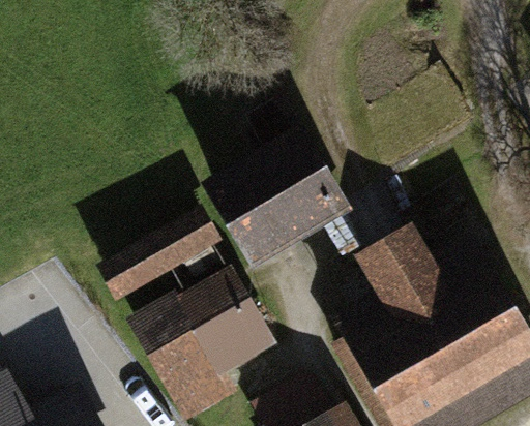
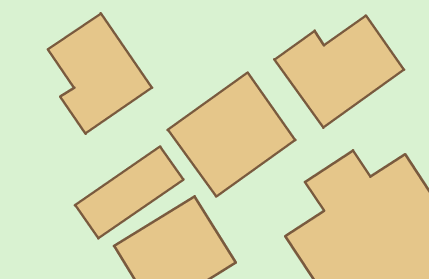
building: none -> [48,13,152,134]
building: none -> [274,16,404,128]

